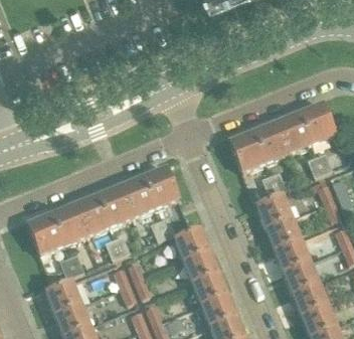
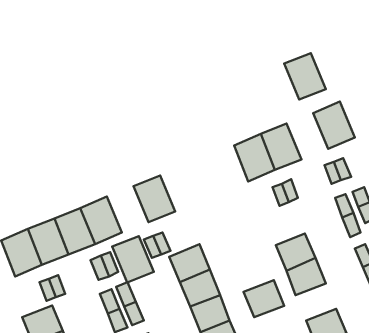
building: [276,115,312,155] -> [284,53,326,99]
building: [120,178,156,218] -> [112,236,154,282]
building: [257,197,292,229] -> none
building: [284,263,319,295] -> [244,280,284,317]

